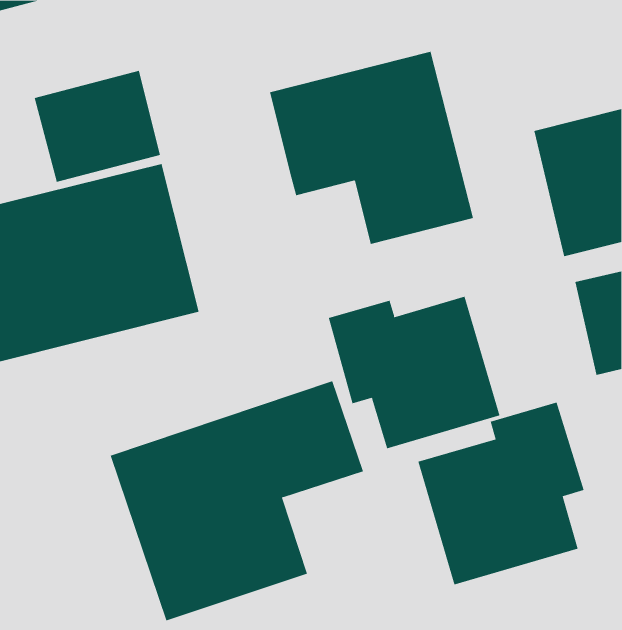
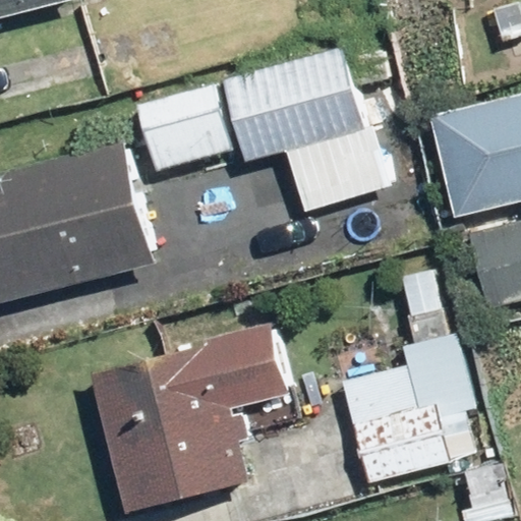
building: [34,70,161,183] -> [133,81,237,173]
building: [328,296,500,449] -> none

